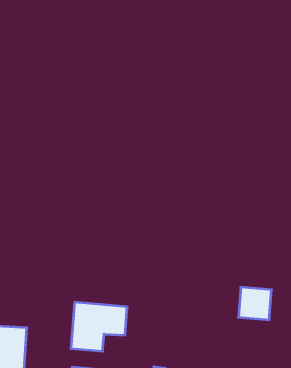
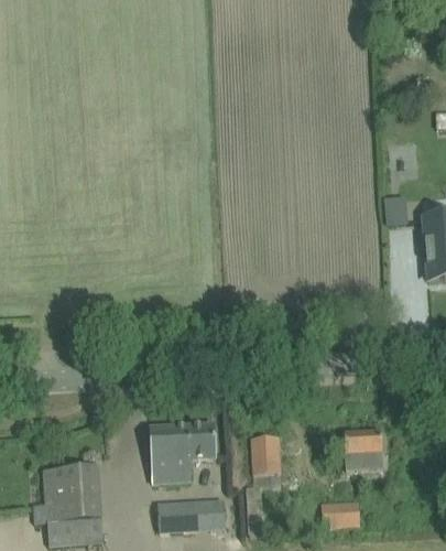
building: [238,287,272,320] -> [344,431,383,469]
building: none -> [251,437,280,474]

